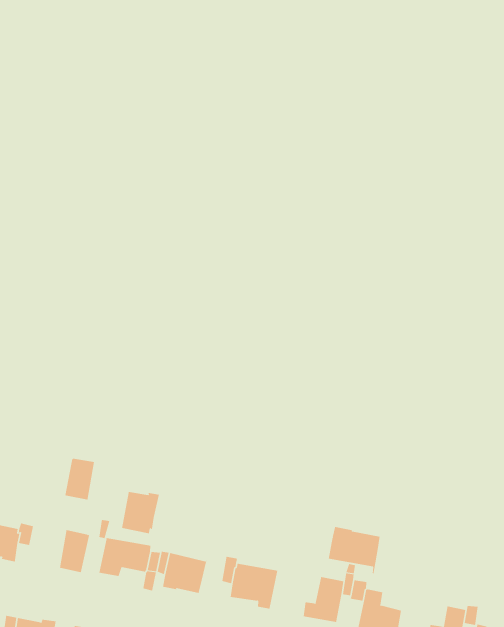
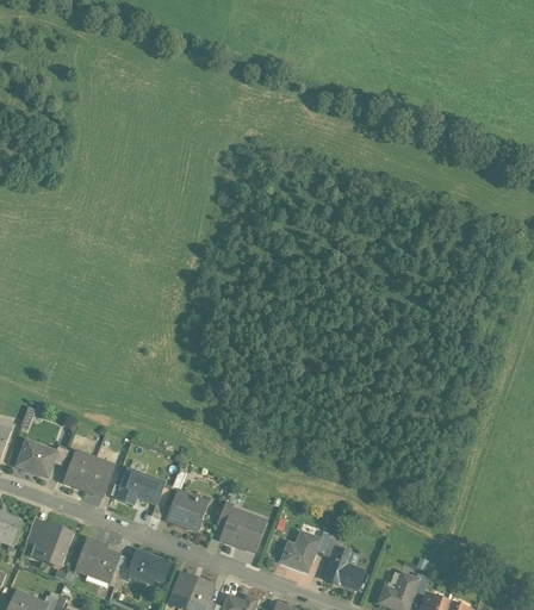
building: [65,455,95,500] -> [64,449,94,488]
building: [122,491,160,534] -> none
building: [328,526,380,574] -> none

